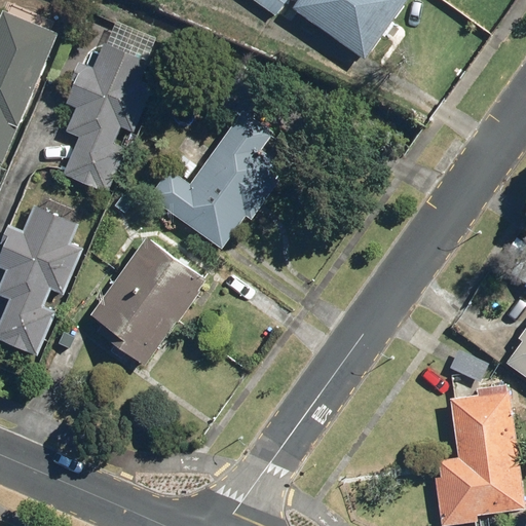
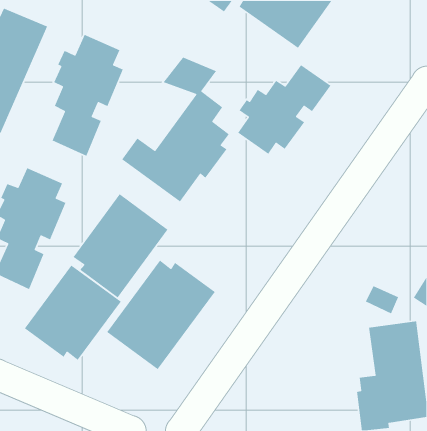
building: none -> [237,64,332,155]
building: none -> [106,259,216,370]
building: none -> [24,264,122,361]

